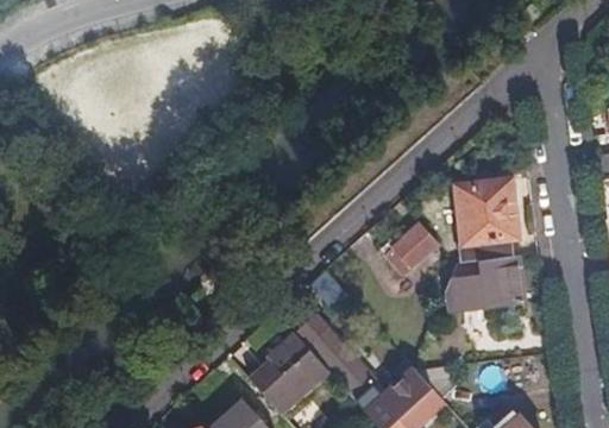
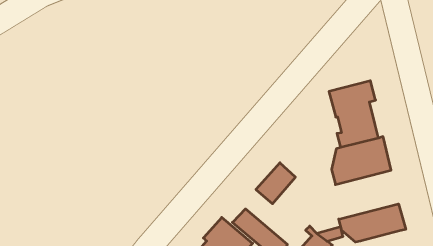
building: [384,222,438,275] -> [256,163,295,204]
building: none -> [339,204,406,242]

